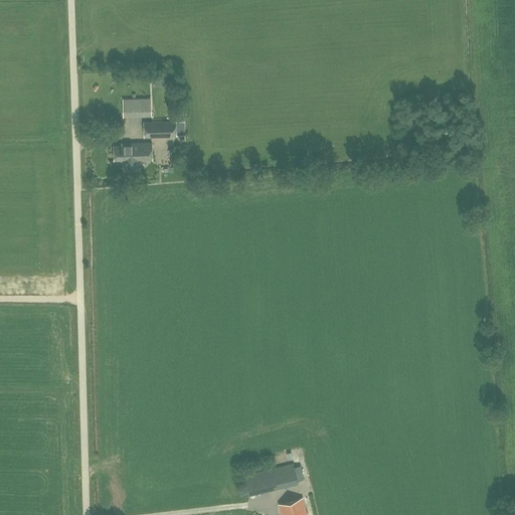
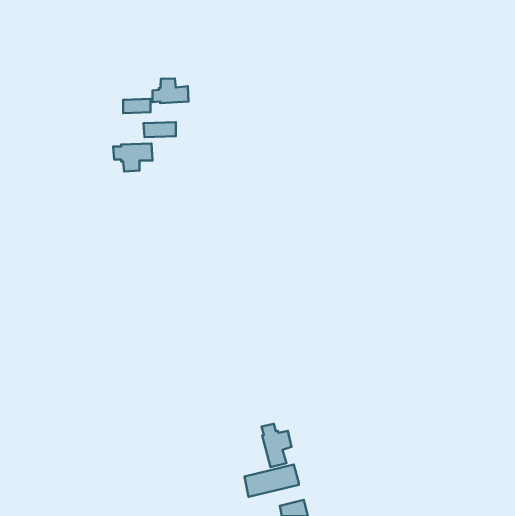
building: none -> [152,78,188,103]
building: none -> [261,424,292,467]

